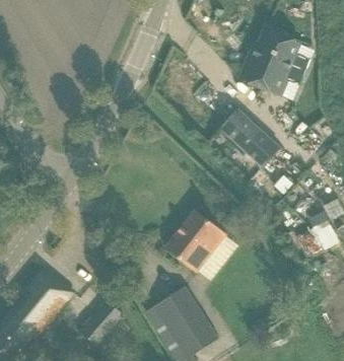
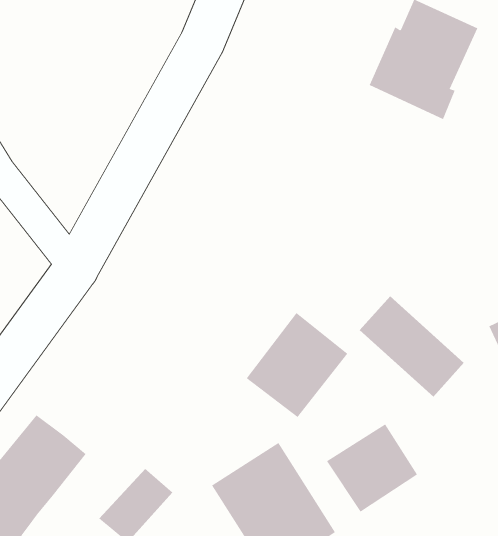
building: [219,109,281,168] -> [359,295,465,398]
building: none -> [326,424,418,512]

